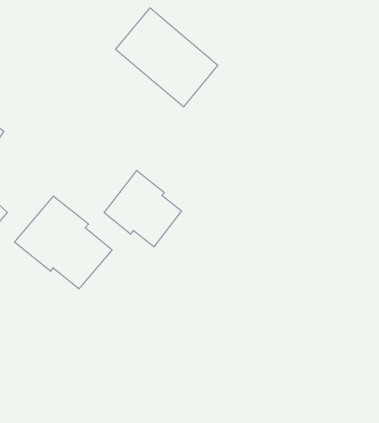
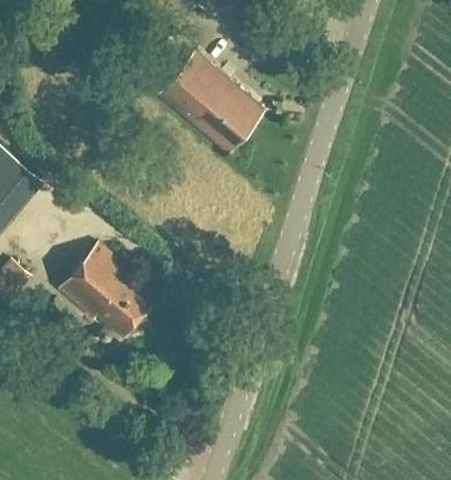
building: [104,170,182,247] -> none

